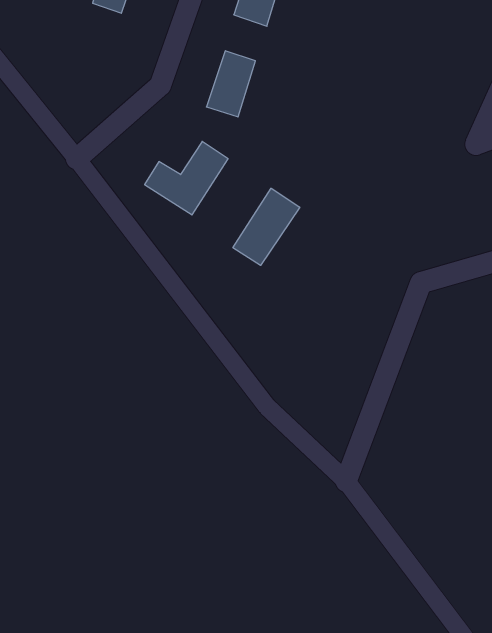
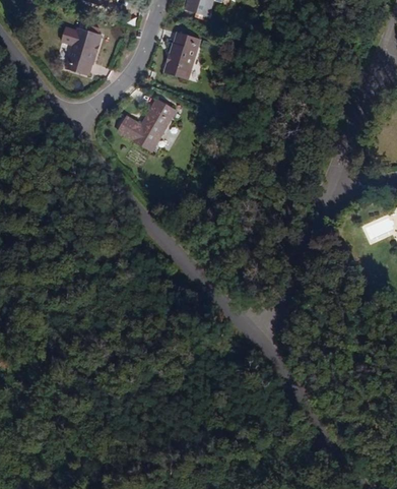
building: none -> [63,33,98,80]
building: [233,188,300,265] -> none

